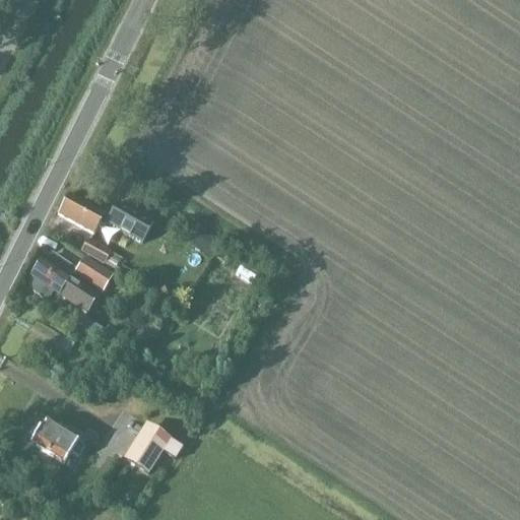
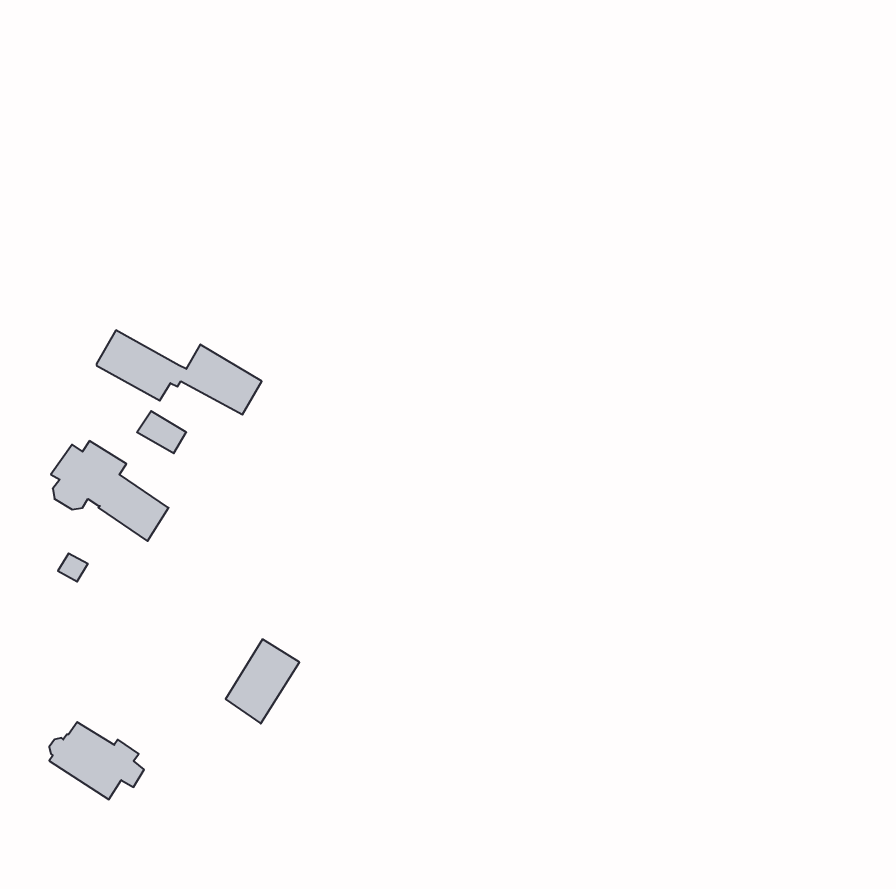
building: [72,254,114,290] -> none
building: [127,424,170,472] -> [226,639,299,724]

